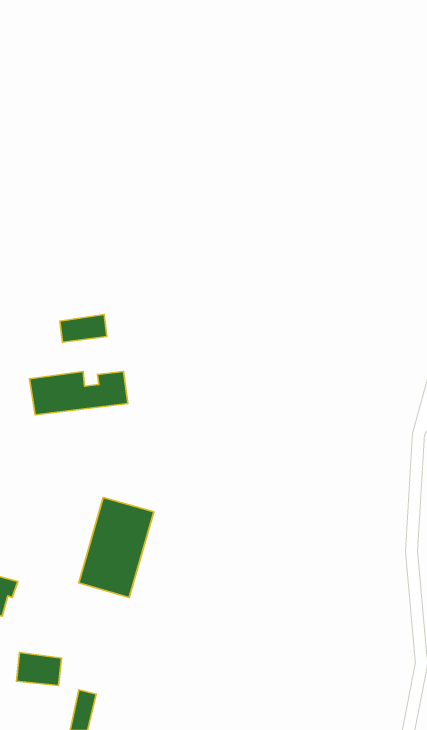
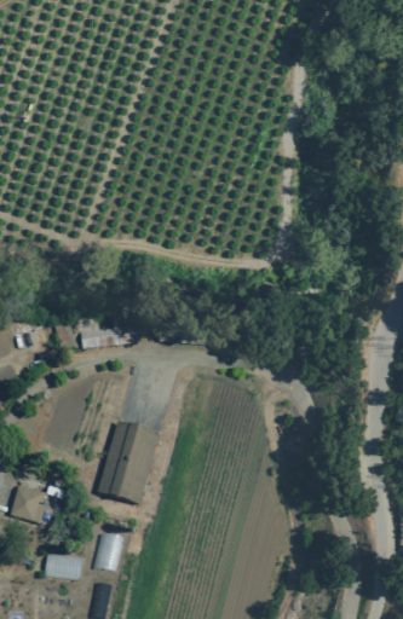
building: [60,314,107,342] -> none
building: none -> [93,531,122,572]

